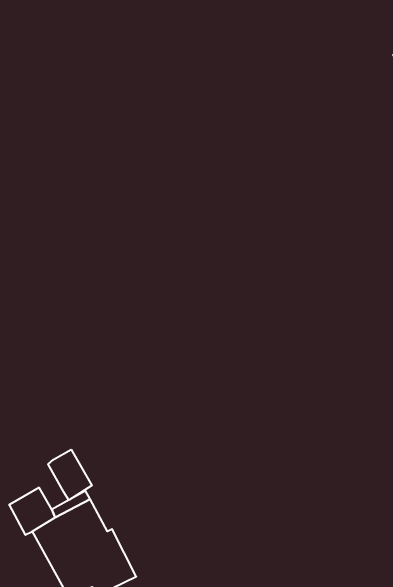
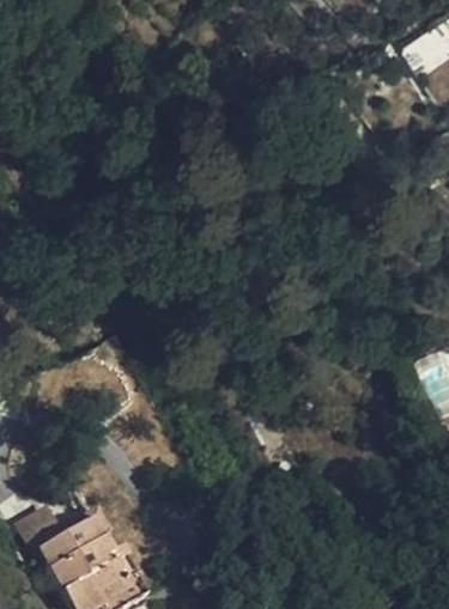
building: [48,450,92,500] -> none

